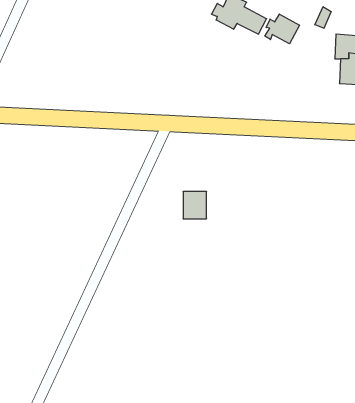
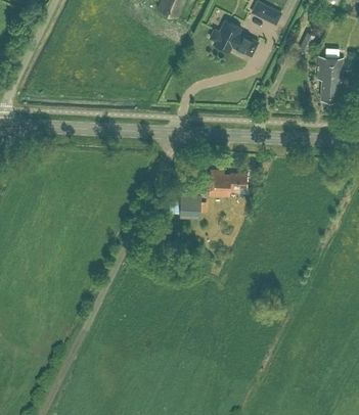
building: [265,14,299,44] -> none
building: none -> [209,170,250,197]

